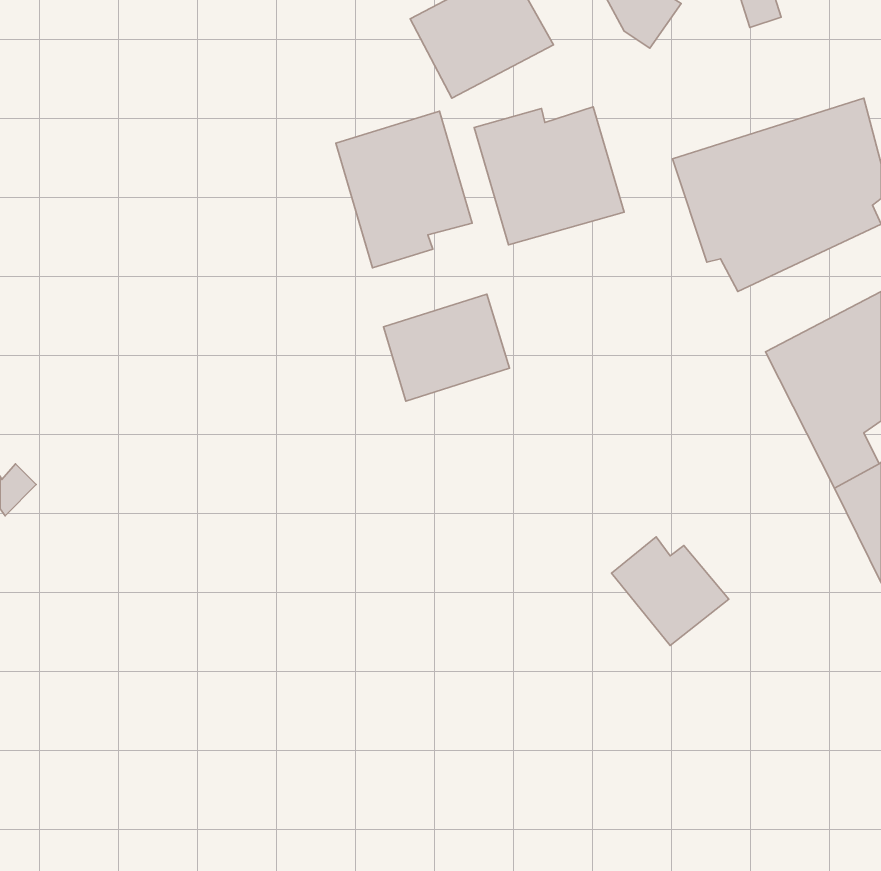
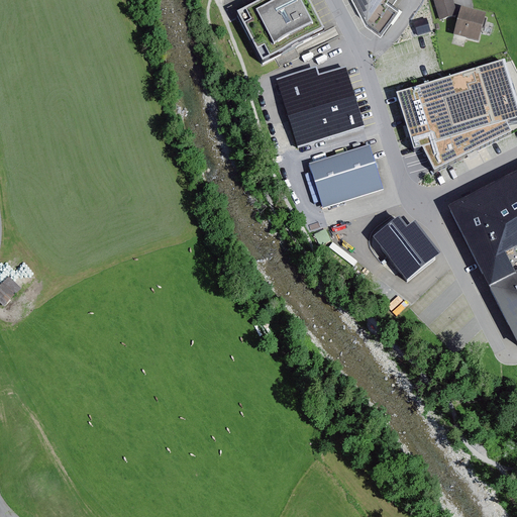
building: none -> [454,4,487,39]
building: [336,111,472,268] -> none
building: [383,294,509,401] -> [309,142,383,205]
building: [611,537,729,646] -> [373,215,441,279]

